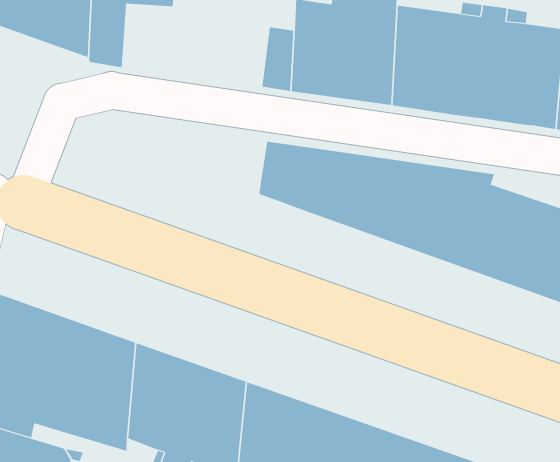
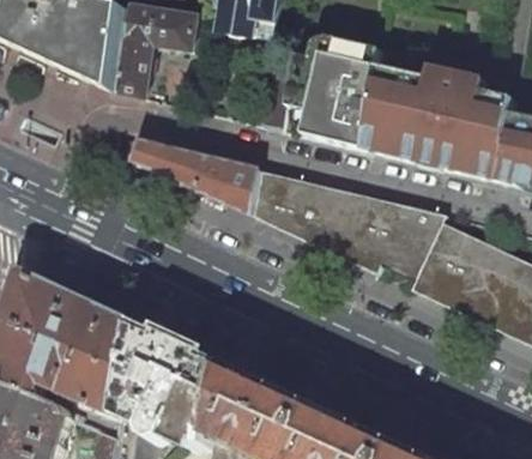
building: none -> [131,140,256,203]

